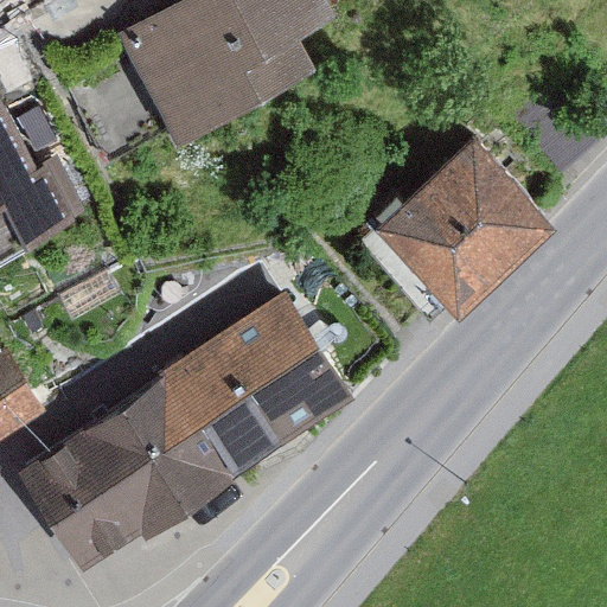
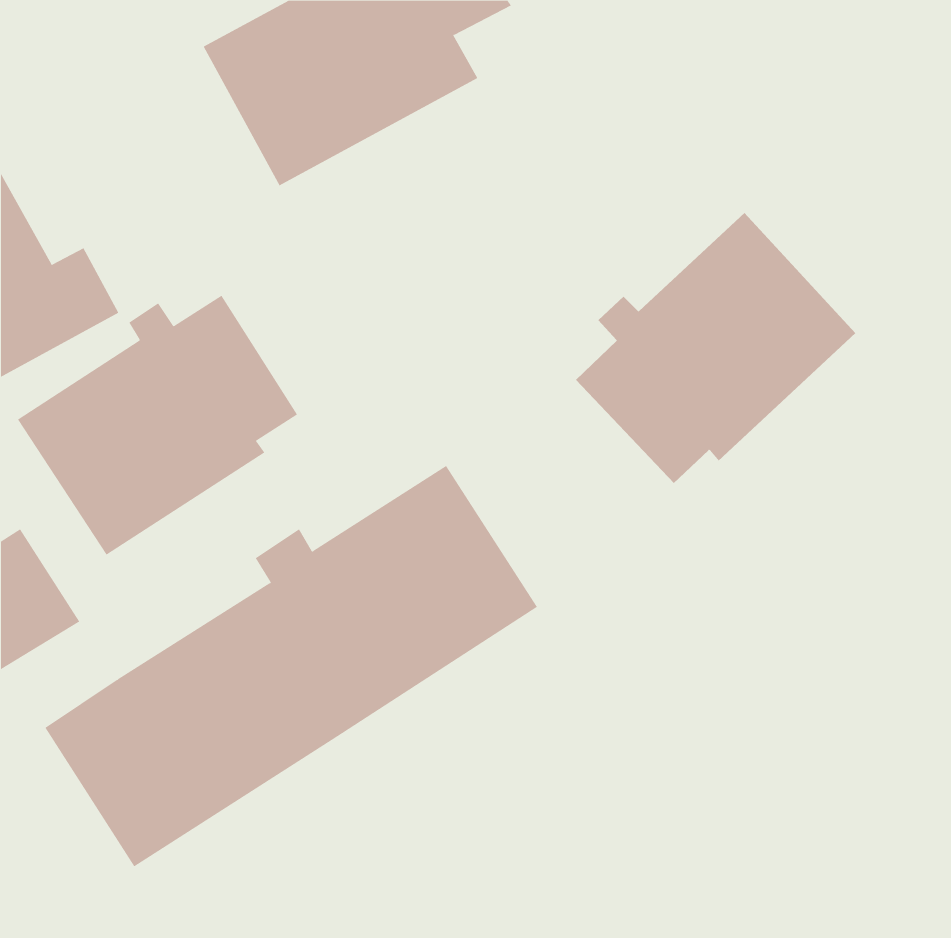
building: none -> [17,295,298,556]

